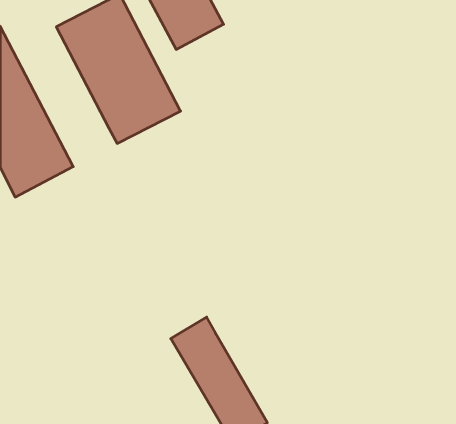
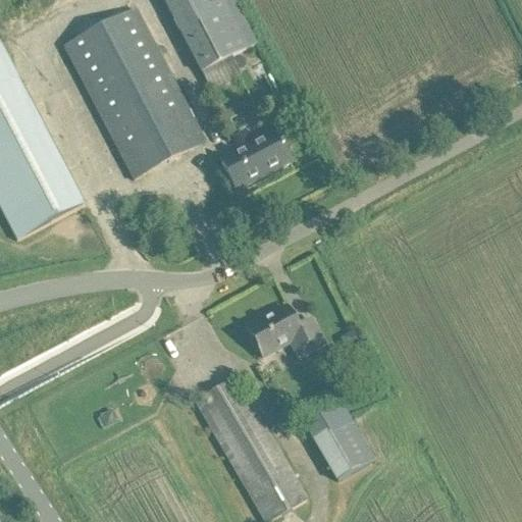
building: none -> [221,123,291,188]
building: none -> [247,304,324,355]
building: none -> [305,401,373,478]

